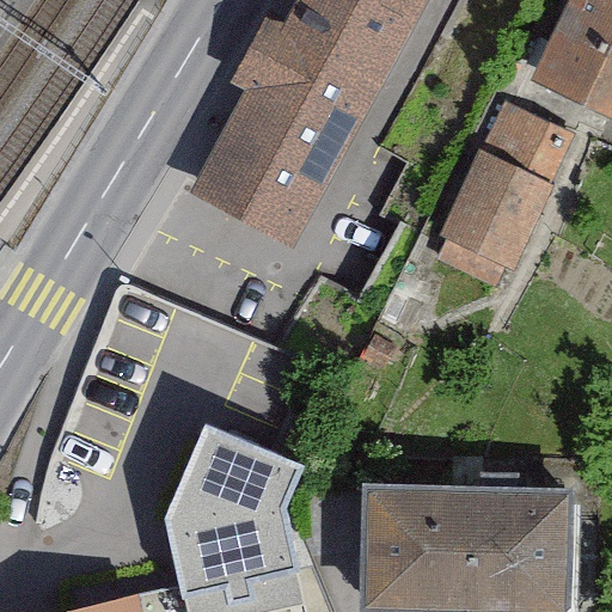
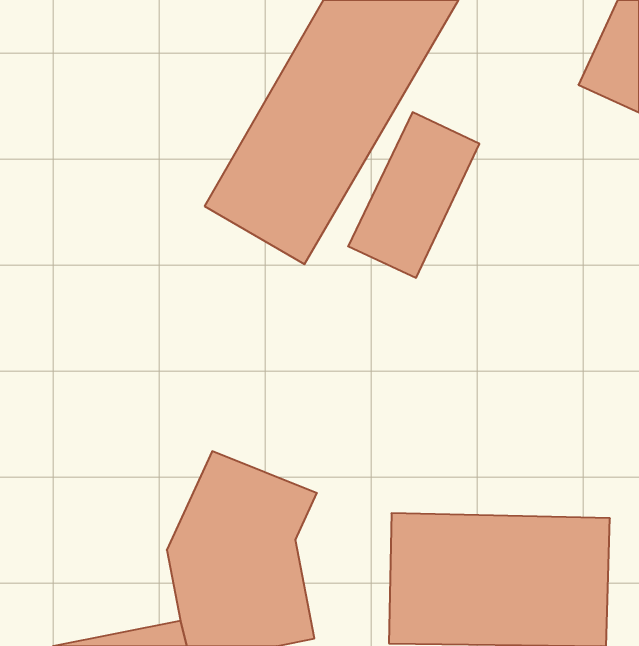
building: [441,106,565,263] -> [348,112,479,278]

